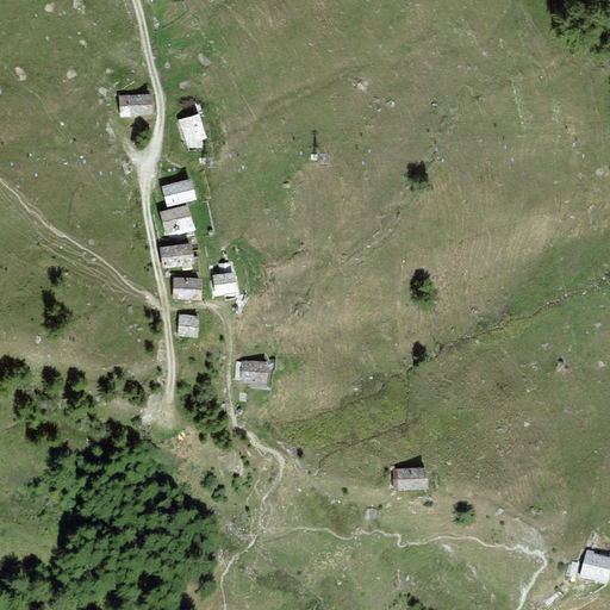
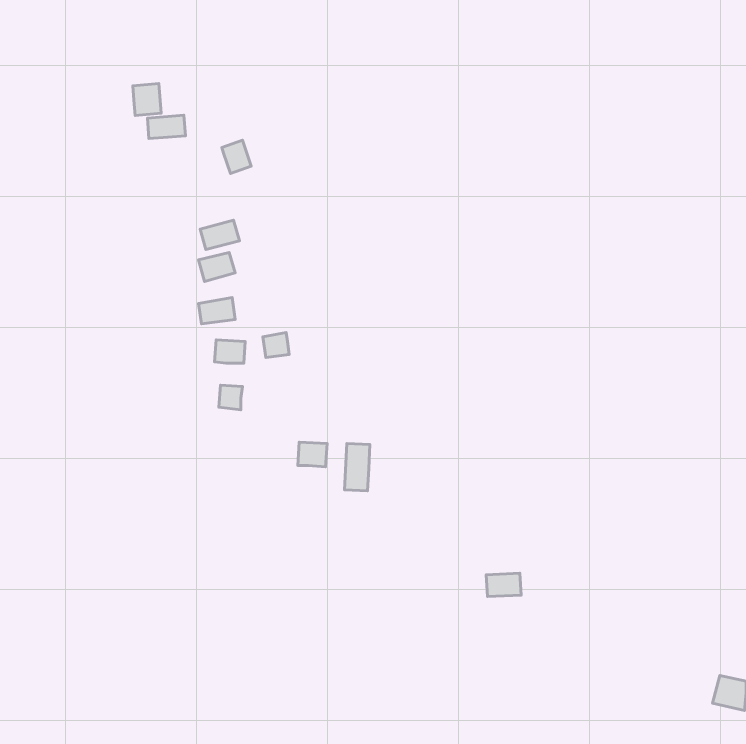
building: none -> [133,84,161,116]
building: none -> [344,444,370,491]

